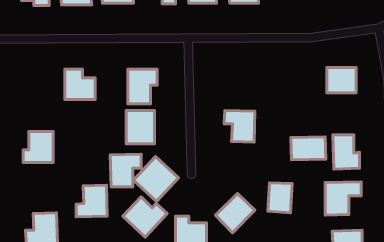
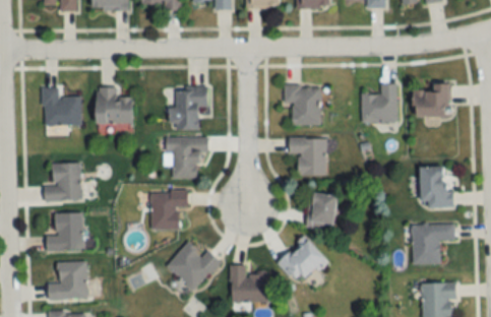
building: none -> [361,83,397,122]
building: none -> [284,85,319,124]
building: none -> [43,86,81,125]
building: [291,137,326,160] -> none
building: [134,156,178,201] -> none
building: [268,183,292,213] -> [307,193,336,230]
building: [76,185,107,217] -> [46,212,83,251]

